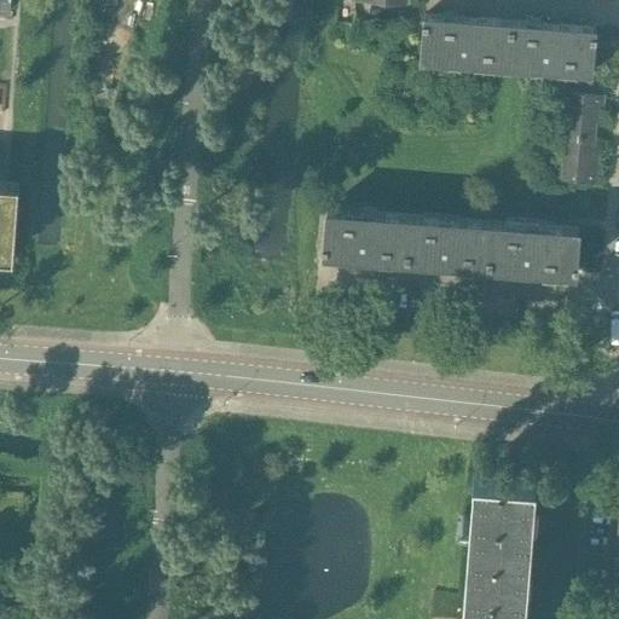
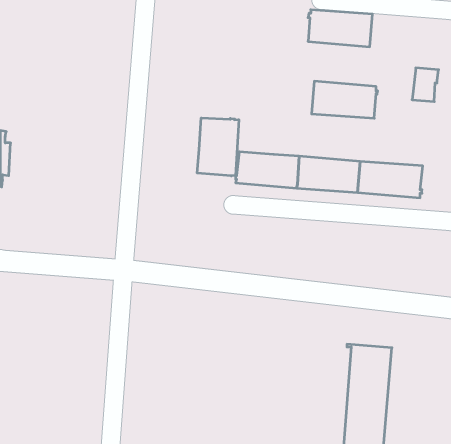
building: [507,29,597,80] -> [312,81,378,118]
building: [561,146,595,190] -> none
building: none -> [197,118,239,176]

